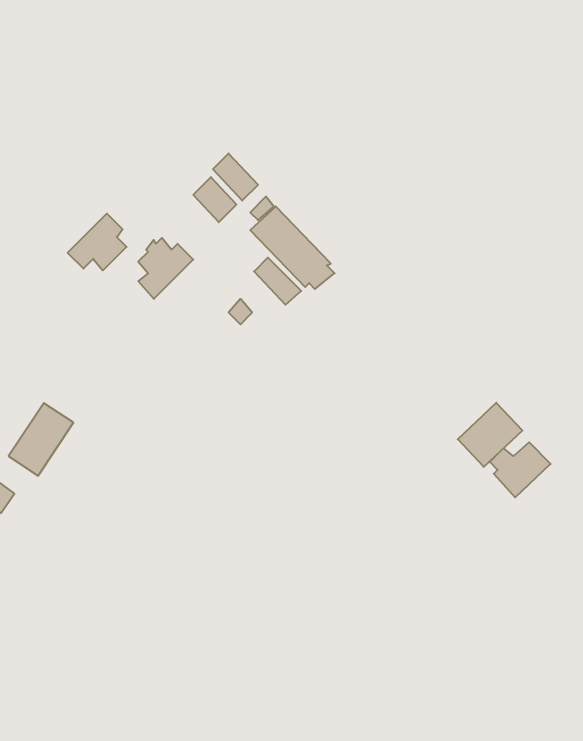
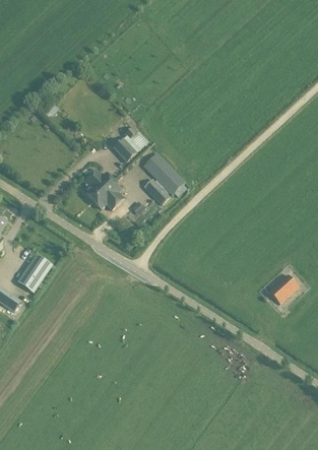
building: [68,214,127,270] -> [92,180,123,209]
building: [458,403,522,467] -> none

